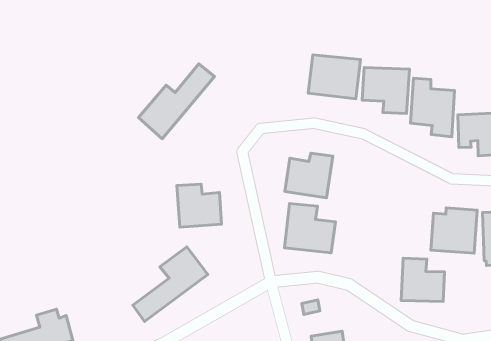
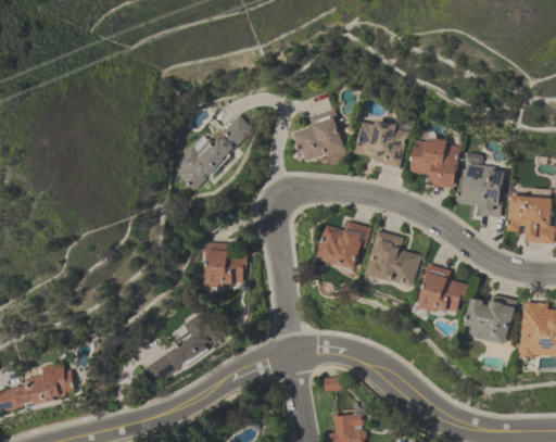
building: none -> [293,108,348,164]
building: [285,204,335,253] -> [366,230,422,287]
building: [401,258,444,301] -> [420,265,469,315]

